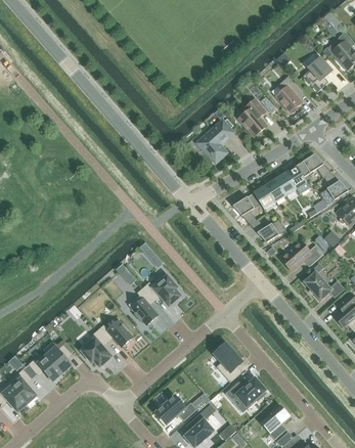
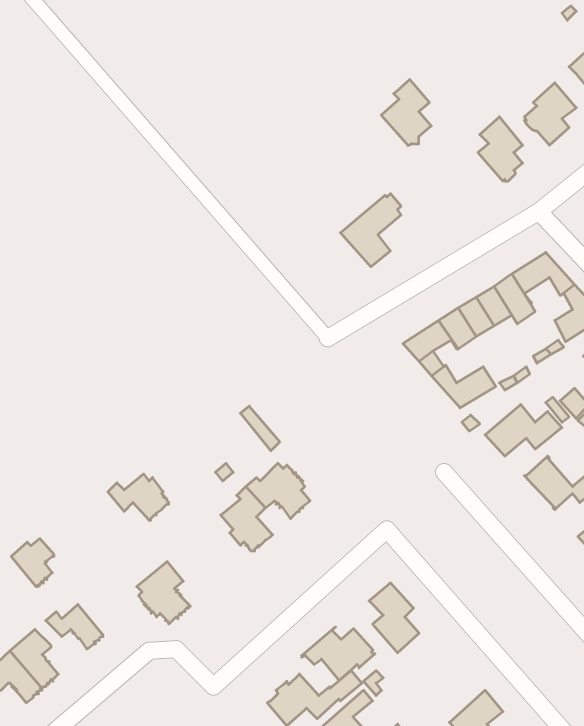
building: [238,98,267,136] -> [381,79,431,146]
building: [98,320,133,347] -> [108,474,169,520]
building: [47,345,72,372] -> [11,539,54,587]
building: [225,376,267,407] -> [302,627,375,680]

